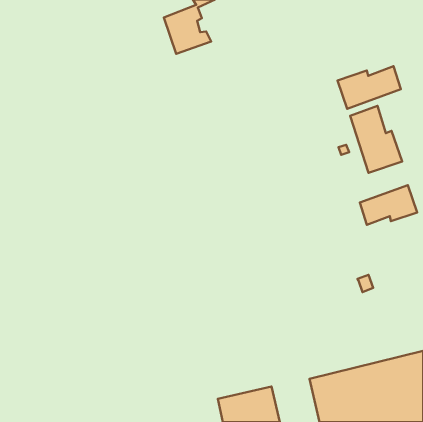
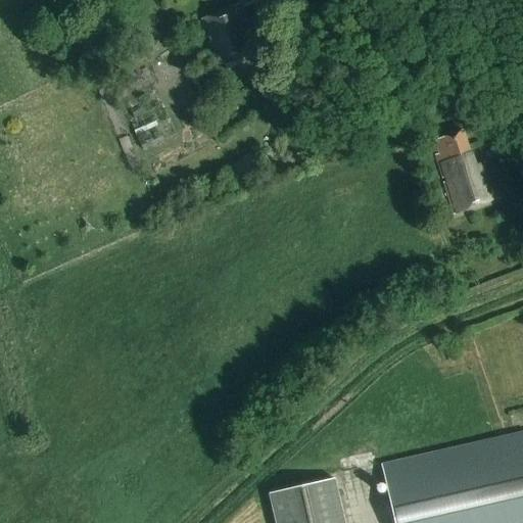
building: [338,66,401,109] -> none
building: [360,185,417,225] -> none

